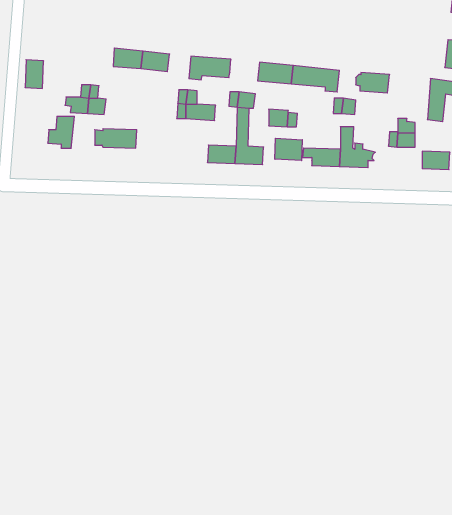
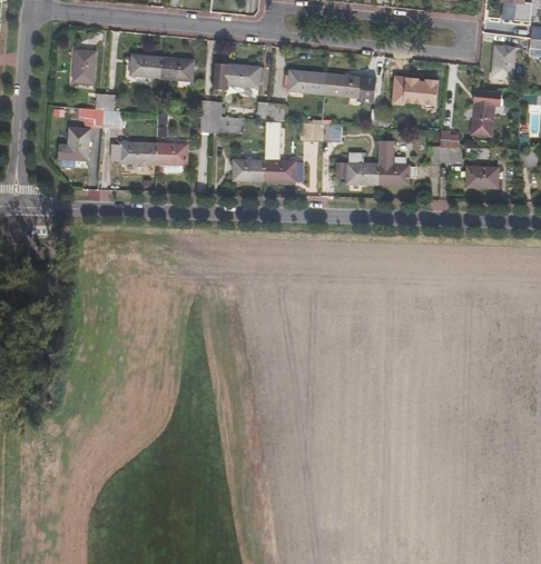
building: [25,60,44,88] -> [75,50,95,81]
building: none -> [156,144,186,164]
building: [275,138,302,161] -> none

